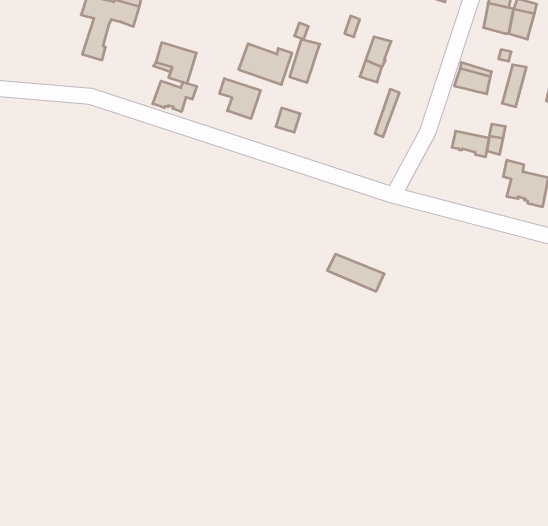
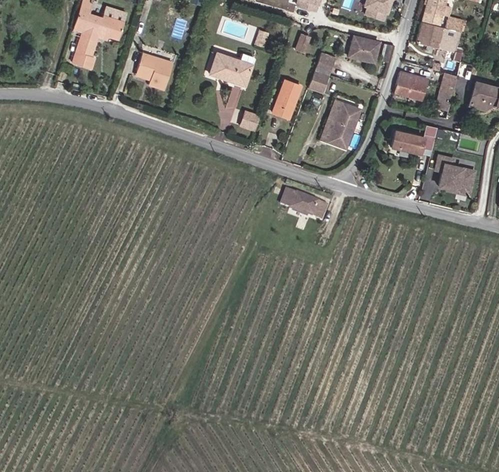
building: none -> [349,33,380,60]
building: [290,39,320,83] -> [277,79,303,116]
building: [220,78,260,119] -> none
building: [153,81,197,112] -> none
building: none -> [332,98,364,142]
building: [327,254,384,291] -> [281,186,330,218]

